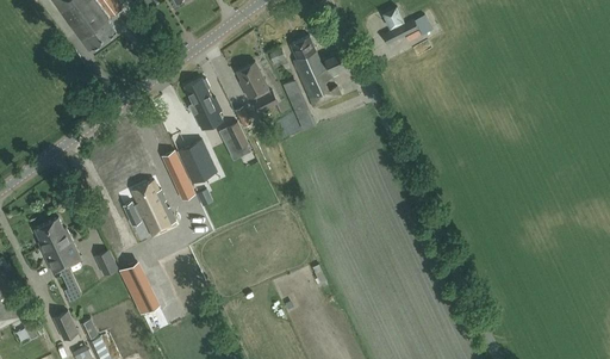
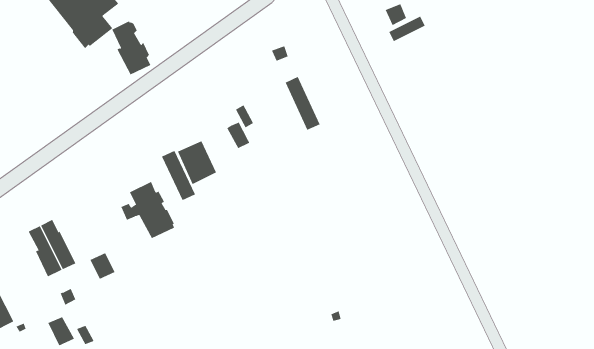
building: [290,36,348,107] -> none
building: [236,61,278,112] -> none
building: [183,78,222,130] -> [112,21,151,75]
building: [119,261,156,312] -> none

